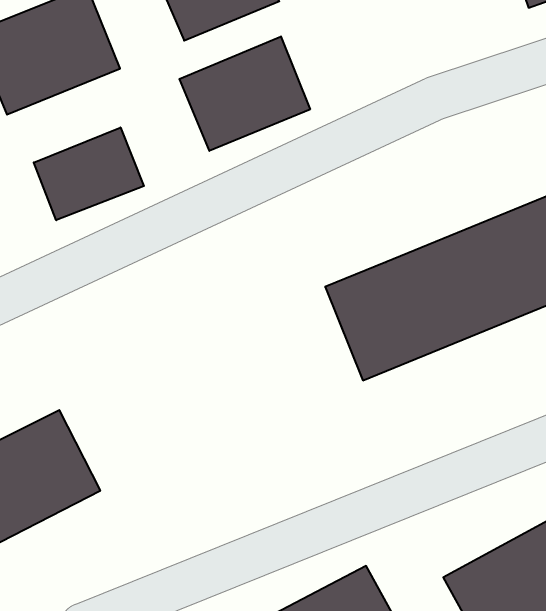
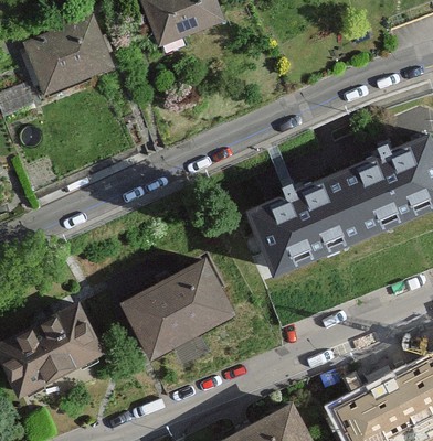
building: [179,36,310,151] -> none
building: [34,127,144,220] -> none
building: none -> [120,263,233,358]

